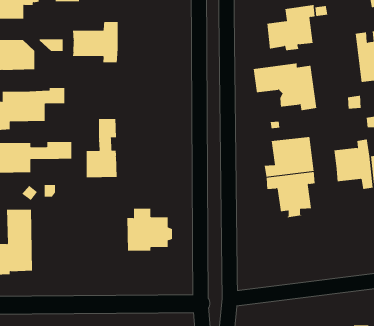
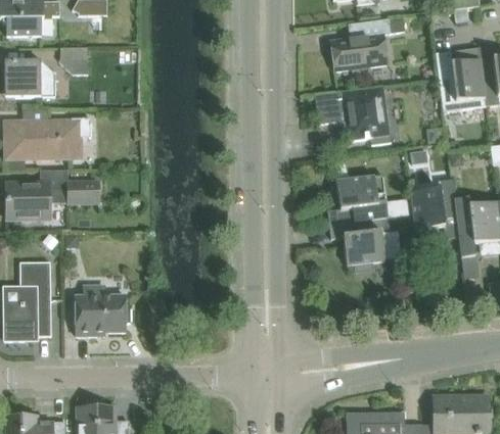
building: [73,21,118,63] -> none
building: [86,118,117,178] -> none
building: [126,208,173,251] -> [76,284,131,335]

